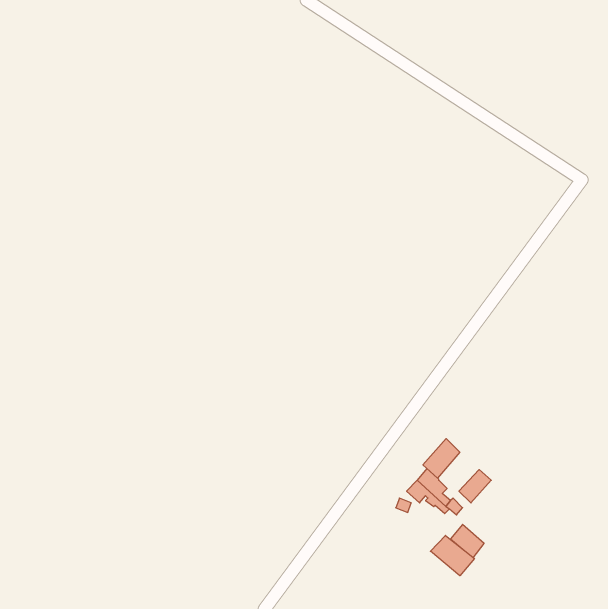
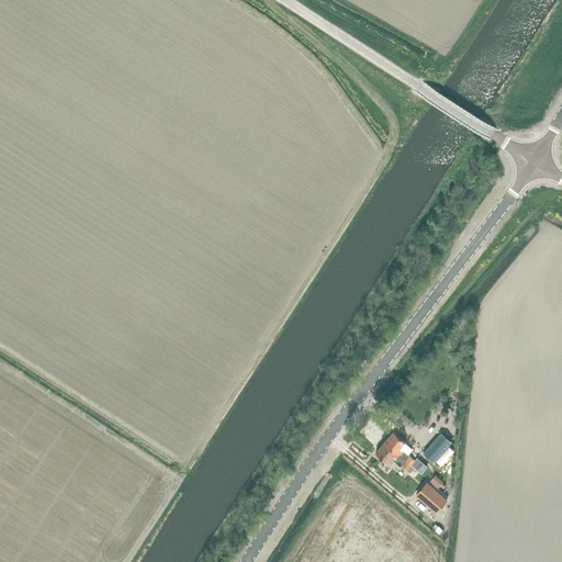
building: [423,439,460,478] -> none
building: [430,535,474,576] -> none

